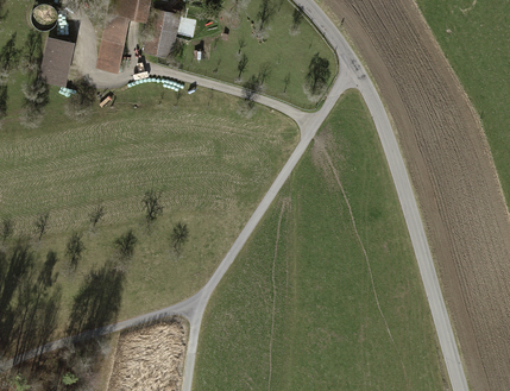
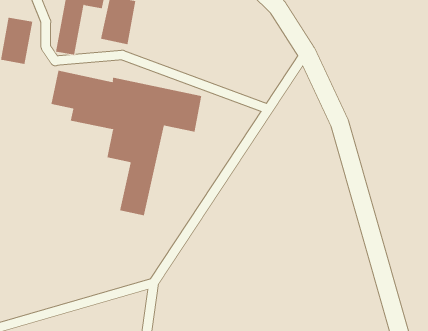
building: none -> [51,70,202,216]

